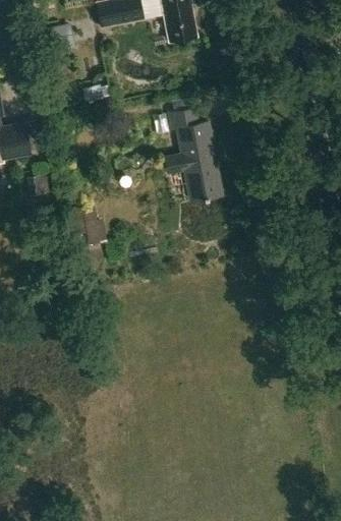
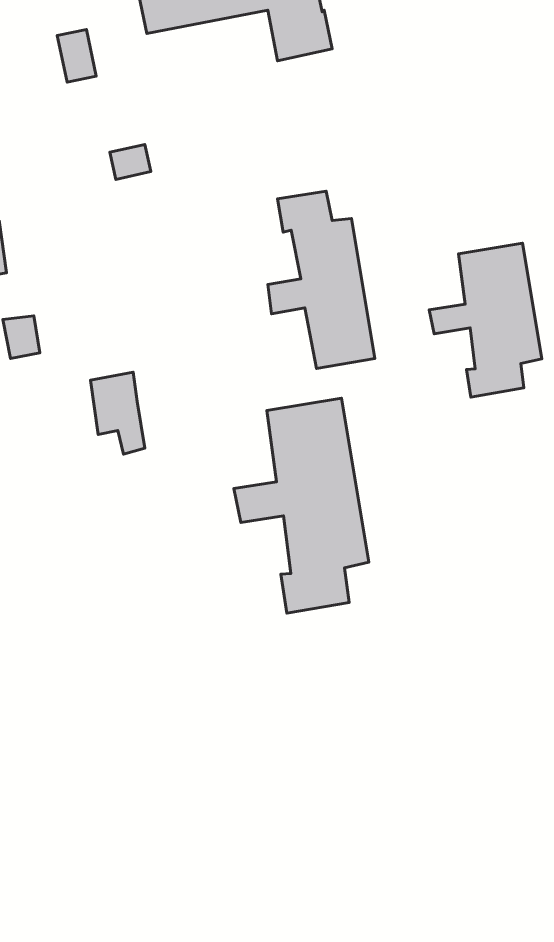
building: none -> [429,243,542,397]
building: none -> [234,398,369,613]

